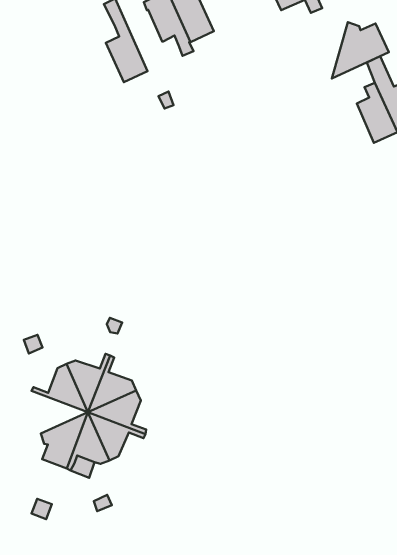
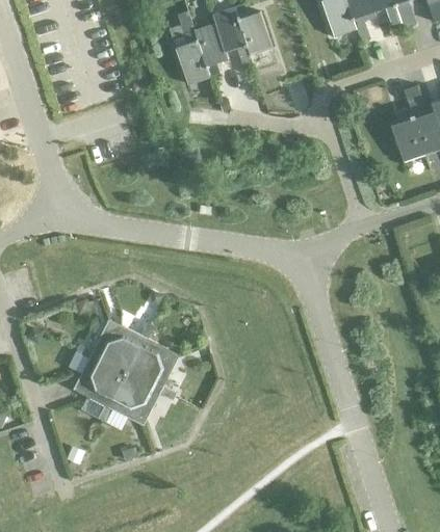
building: none -> [195,23,229,77]
building: [332,22,389,79] -> none
building: none -> [76,348,126,387]

